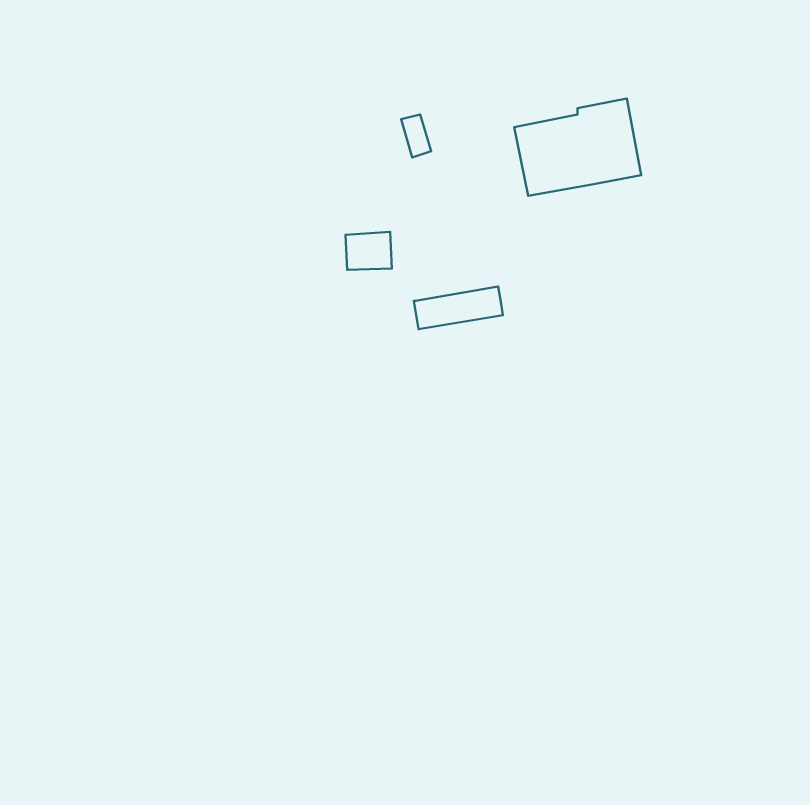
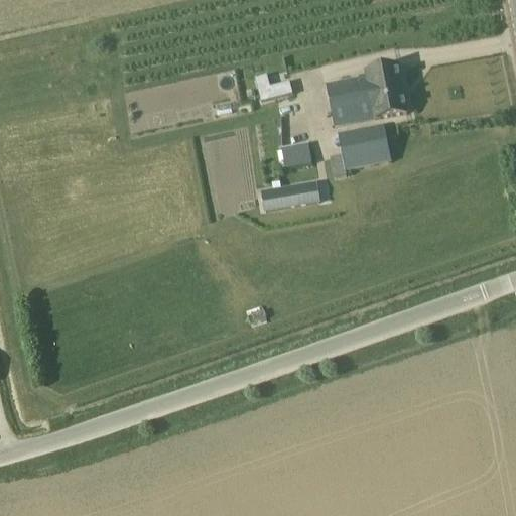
building: none -> [331,122,393,177]
building: [346,232,392,270] -> [280,140,309,164]

